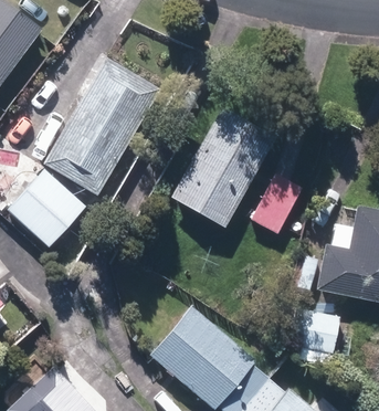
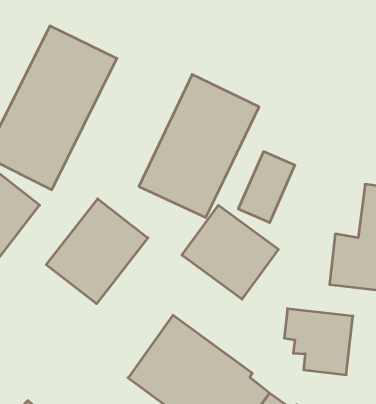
building: none -> [46,199,148,304]
building: none -> [182,205,278,299]

